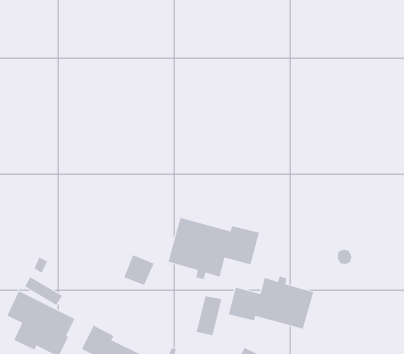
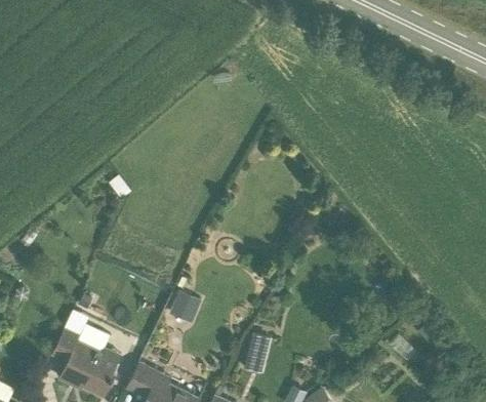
building: [168,217,259,280] -> none
building: [228,276,314,329] -> none

